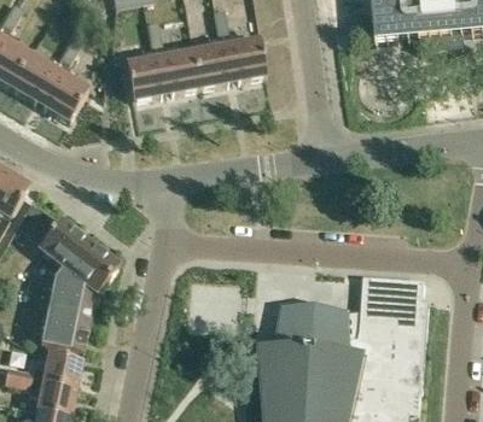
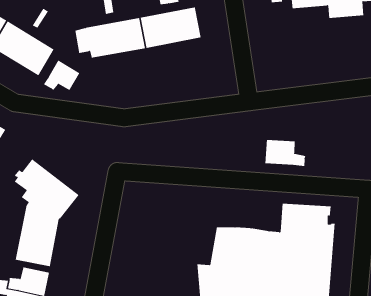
building: none -> [43,60,80,91]
building: none -> [265,139,306,167]

